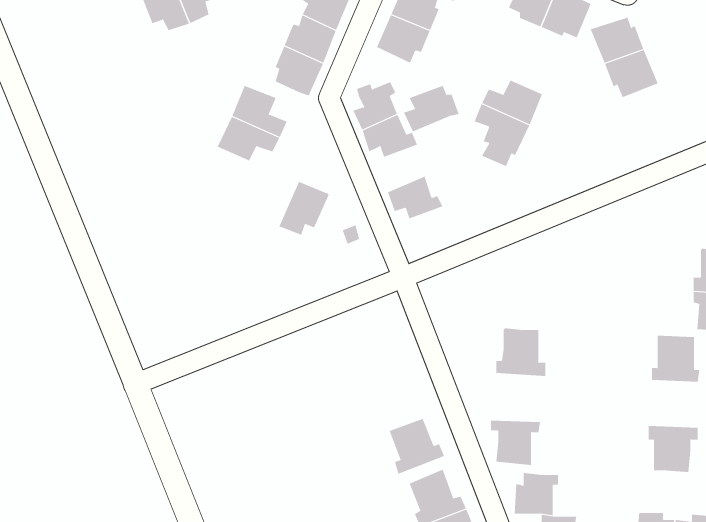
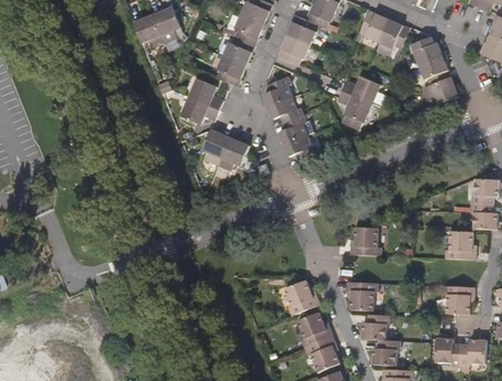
building: none -> [422,77,458,105]
building: [403,85,459,132] -> [279,115,313,144]
building: none -> [202,128,230,165]

